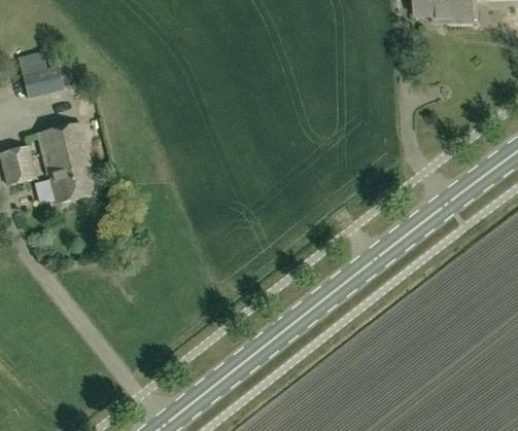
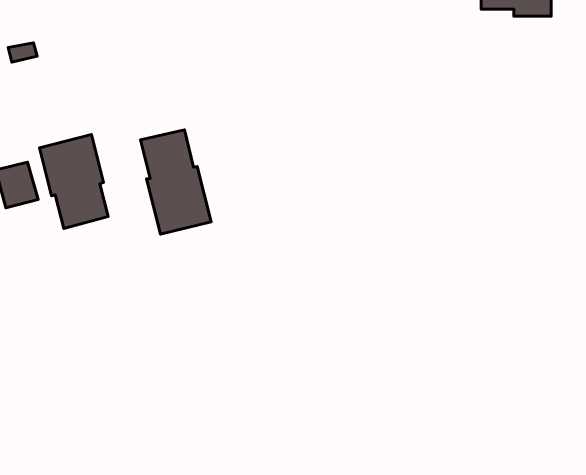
building: [22,68,63,98] -> none
building: none -> [141,130,211,234]

